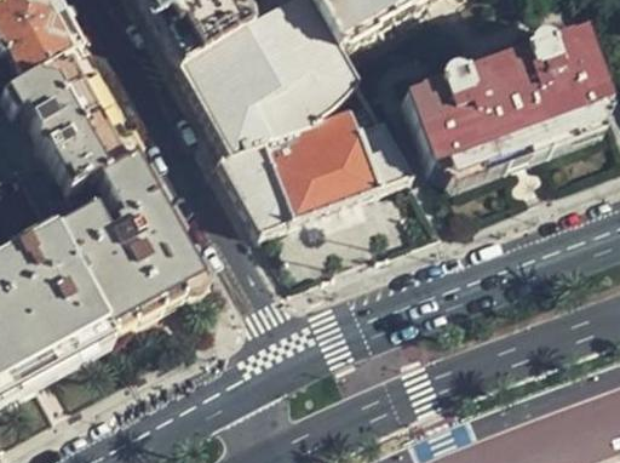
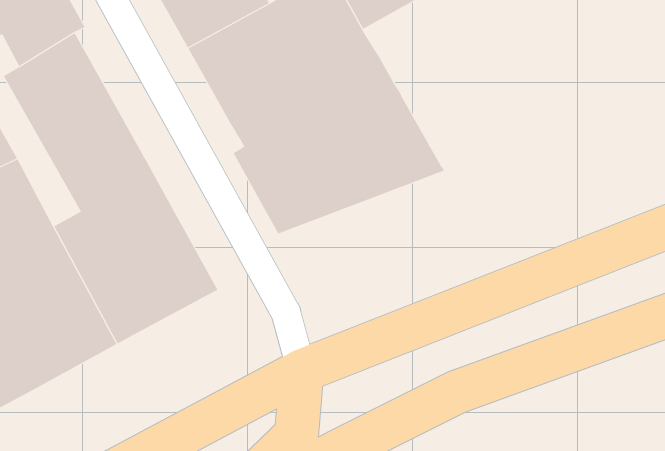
building: [398,30,603,173] -> none

